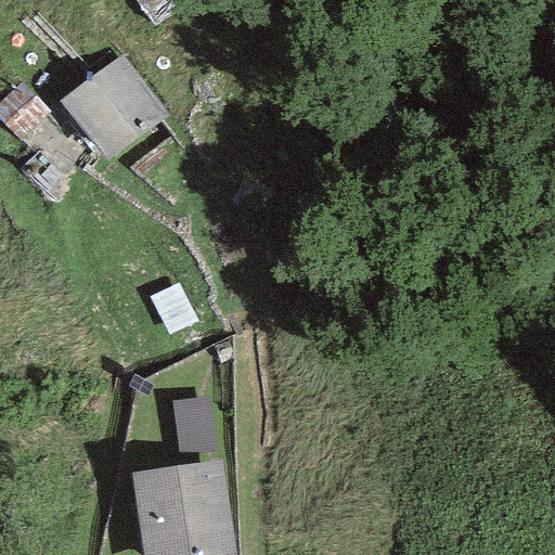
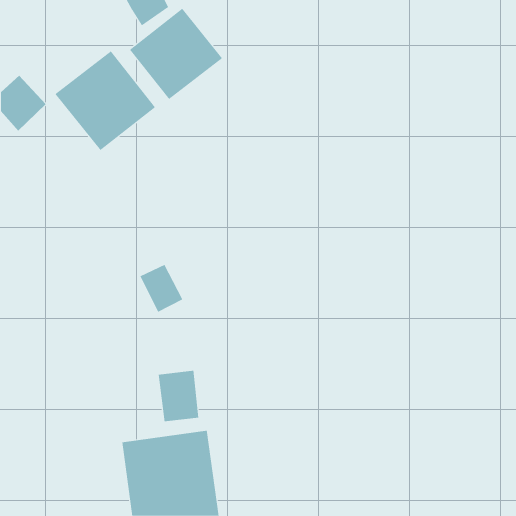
building: none -> [129,8,223,100]

